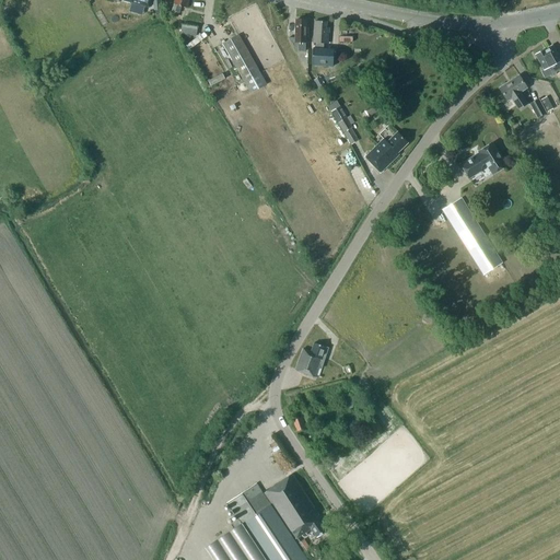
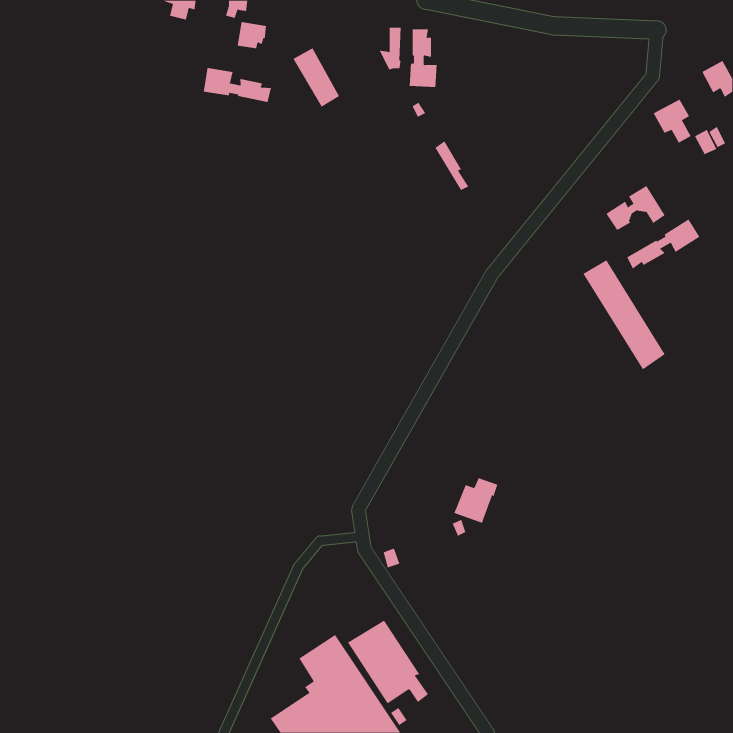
building: none -> [203,67,271,103]
building: [365,132,408,173] -> none
building: none -> [626,218,700,269]
building: [294,342,328,377] -> [454,477,498,523]

